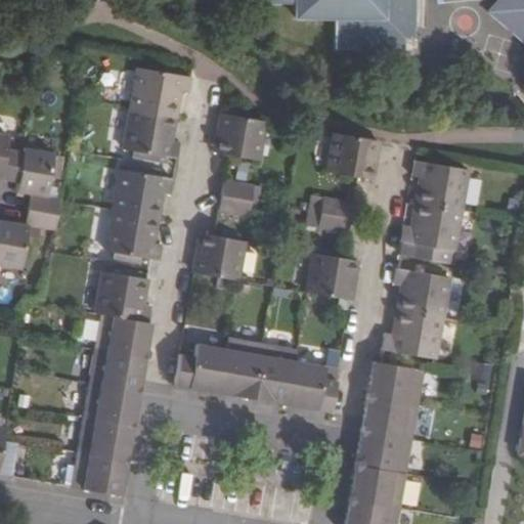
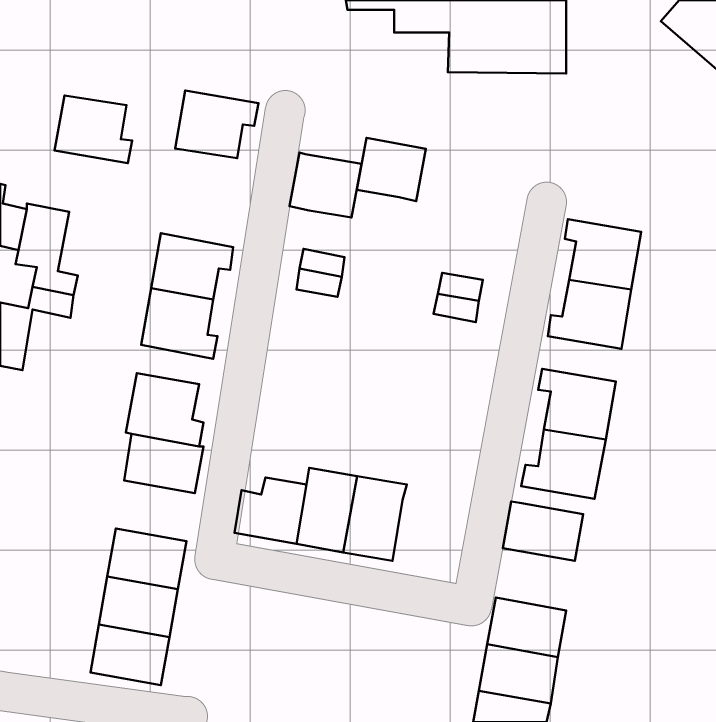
building: [124,107,180,157] -> [54,95,132,163]
building: [329,131,379,177] -> [357,138,426,201]
building: [193,234,245,280] -> none
building: [308,254,358,300] -> none
building: [88,348,145,392] -> none
building: [289,362,337,413] -> none
building: [363,397,421,442] -> none

